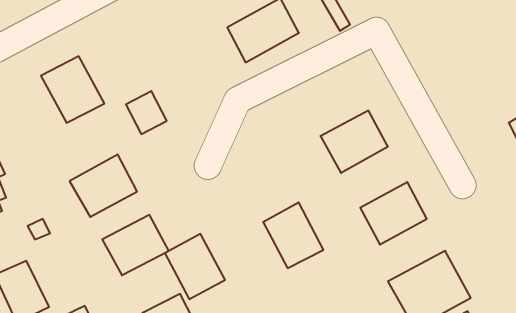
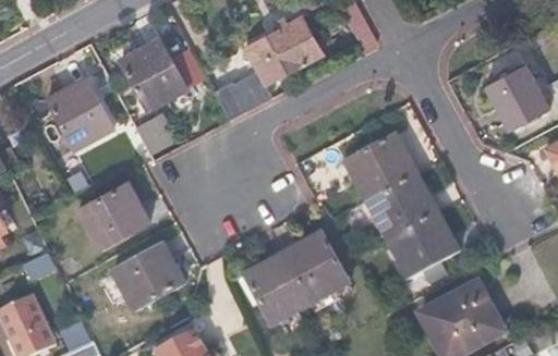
building: none -> [121,37,207,108]
building: none -> [487,63,548,128]
building: none -> [215,83,274,120]
building: none -> [366,172,437,237]
building: [165,234,225,299] -> [245,253,310,322]

